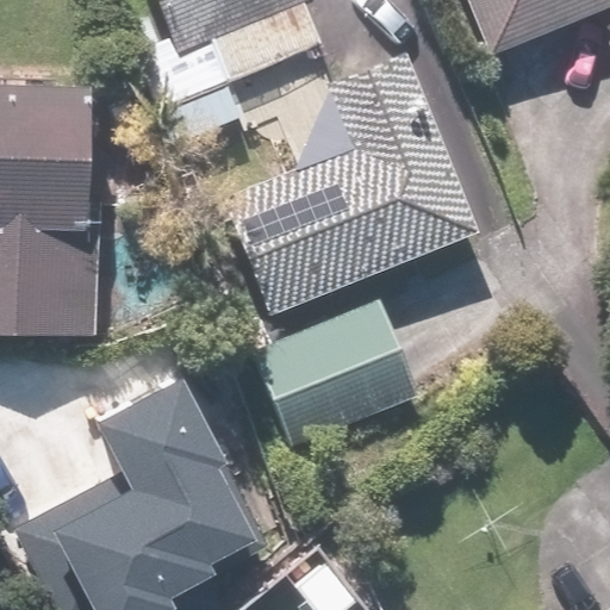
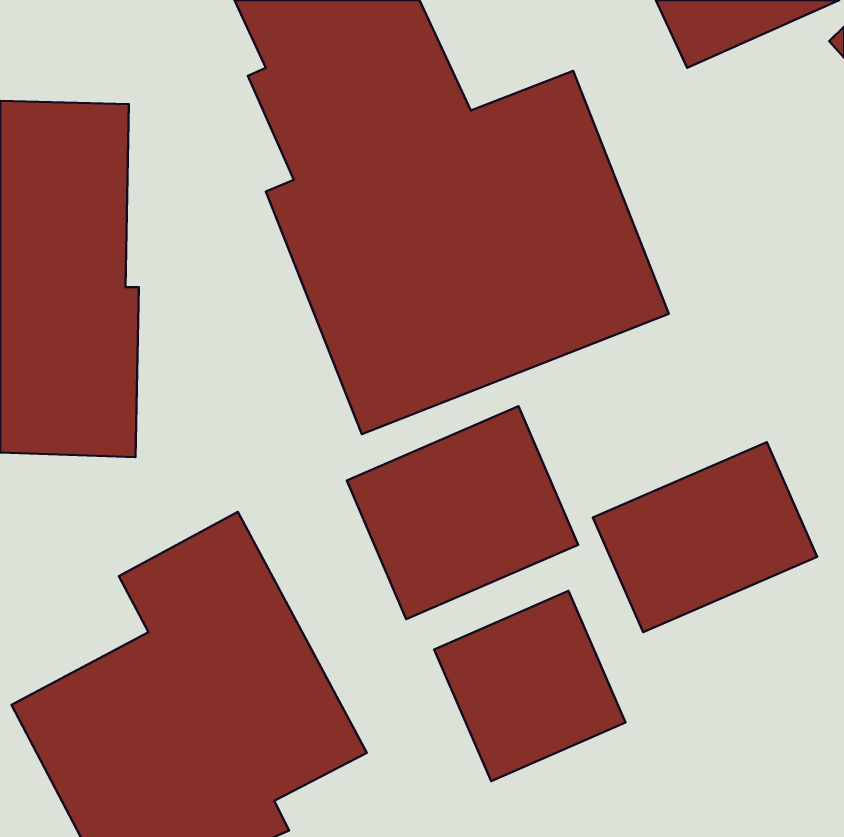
building: none -> [593,442,817,632]
building: none -> [434,591,626,781]

